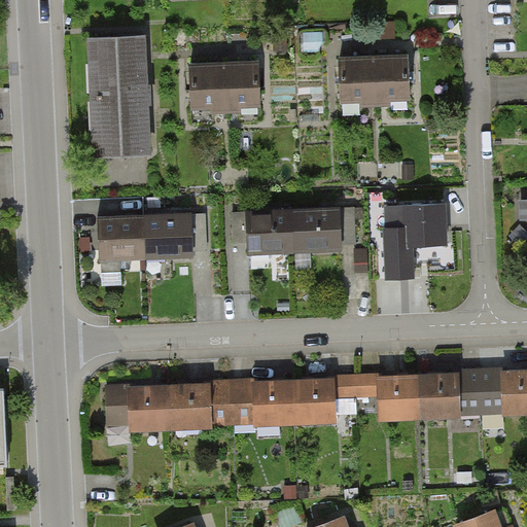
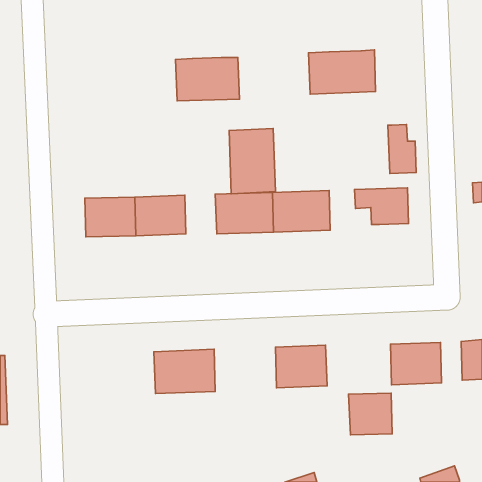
building: [81,36,146,157] -> none
building: none -> [229,128,275,194]
building: [384,226,415,280] -> [388,124,416,173]
building: [380,376,427,421] -> [349,393,392,435]
building: [245,379,302,425] -> none
building: [103,384,170,432] -> none

